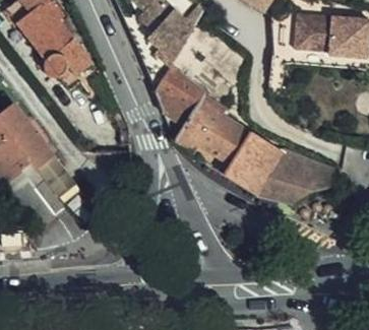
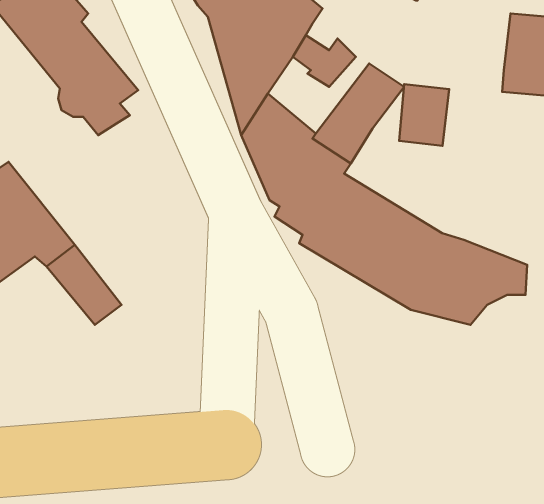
building: [291,12,321,50] -> [399,84,449,146]

